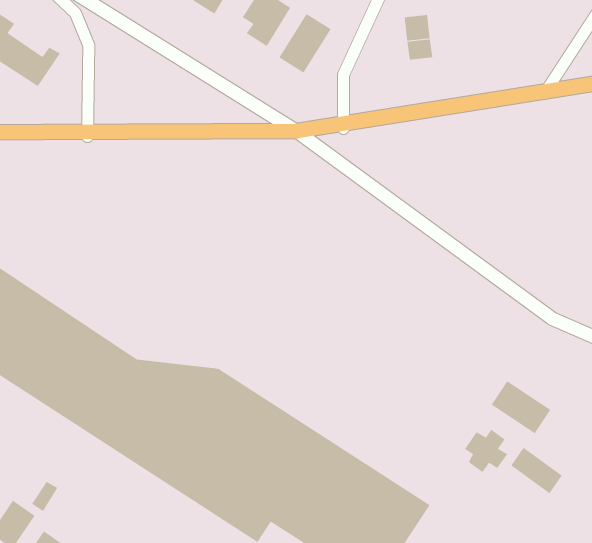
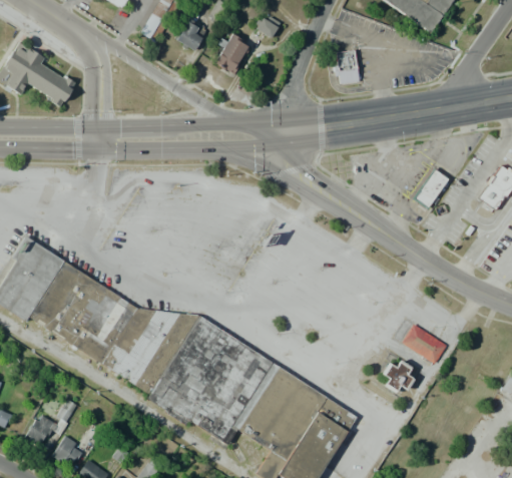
building: [278,13,332,74] -> none
building: none -> [413,168,449,209]
building: [511,447,563,494] -> none

